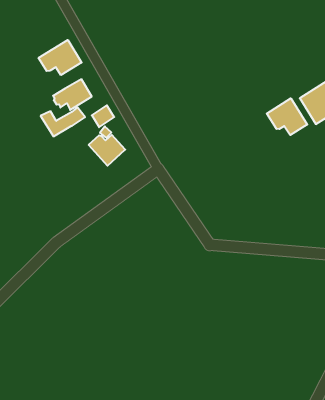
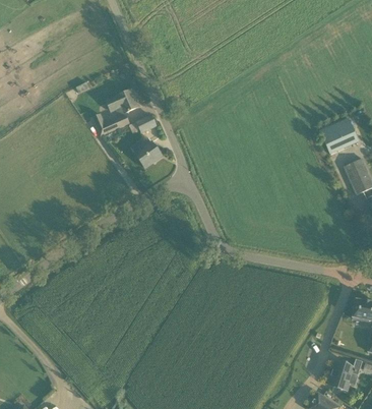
building: [39,40,82,75] -> none
building: [267,98,307,135] -> none

